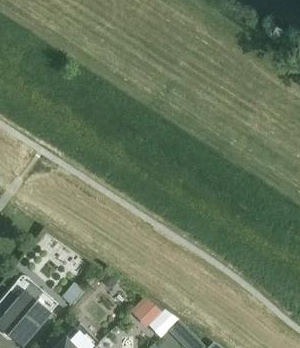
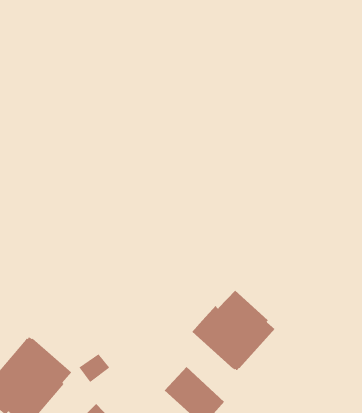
building: none -> [192,290,275,371]

